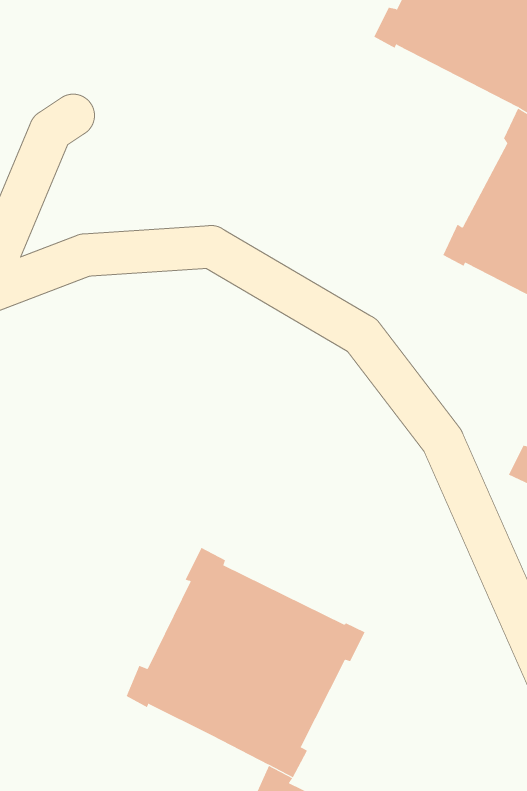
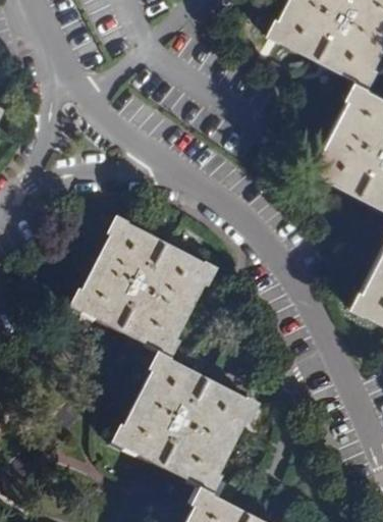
building: none -> [70,219,218,361]

